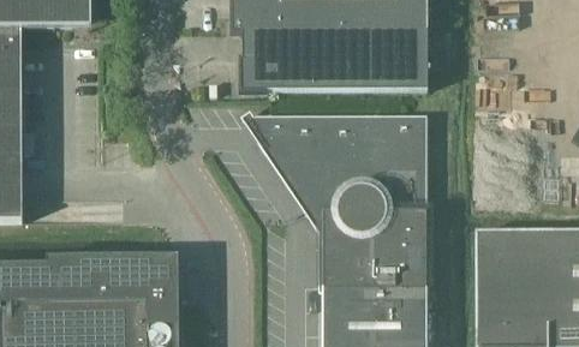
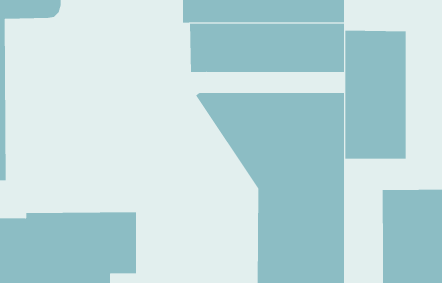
building: none -> [345,30,406,160]

